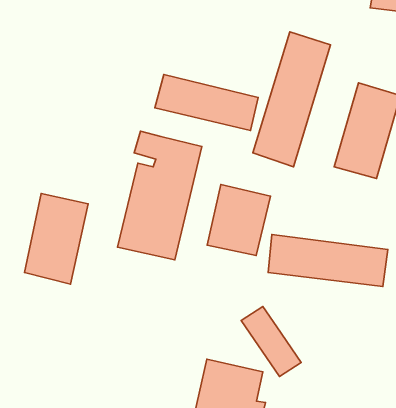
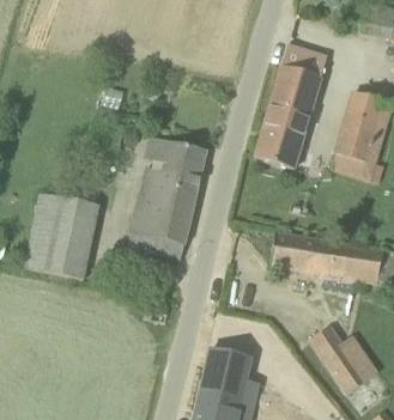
building: [155,74,258,130] -> none
building: [207,184,271,256] -> none
building: [241,306,301,376] -> [308,325,364,391]

